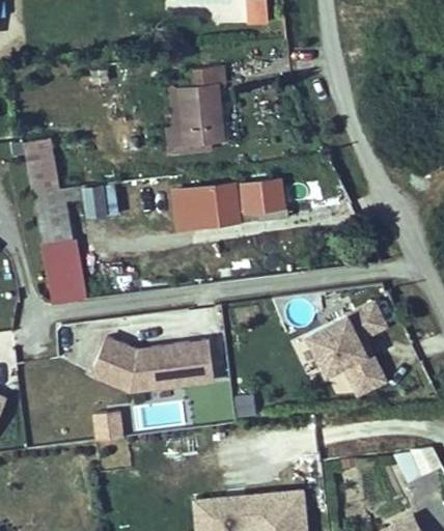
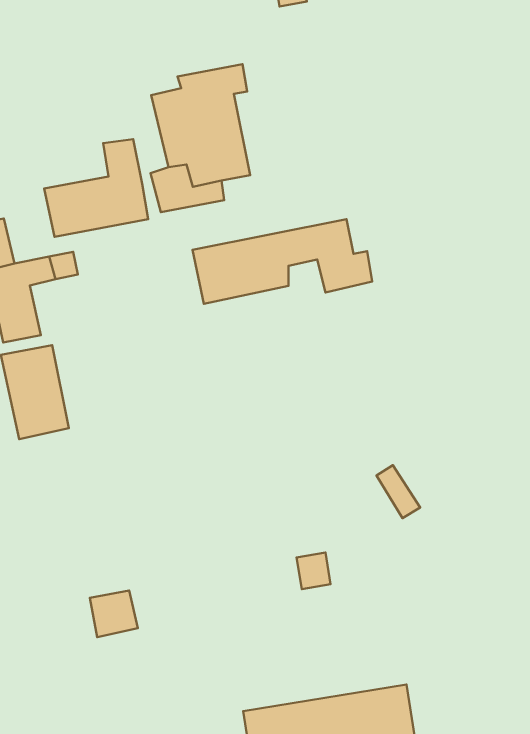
building: none -> [44,139,148,237]
building: [305,300,389,399] -> none
building: [89,337,215,392] -> none

